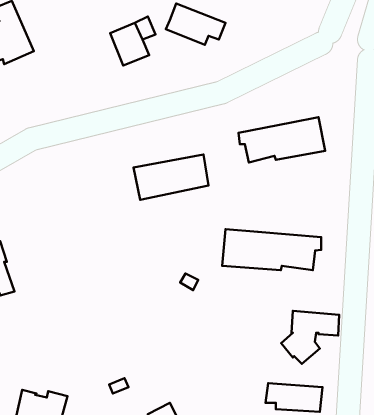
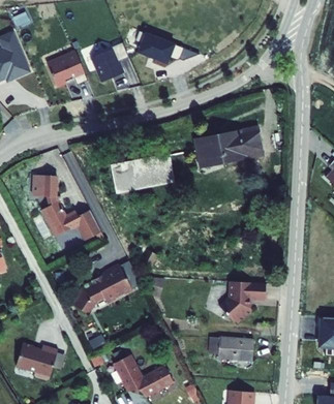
building: none -> [43,53,85,89]
building: none -> [29,176,98,242]
building: [222,229,321,270] -> none
building: none -> [79,261,135,310]

